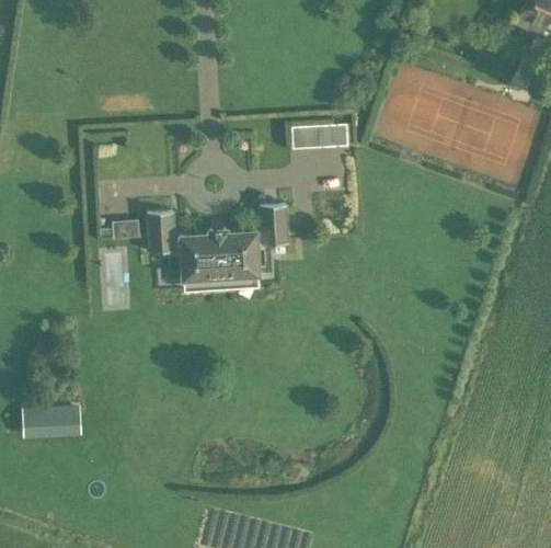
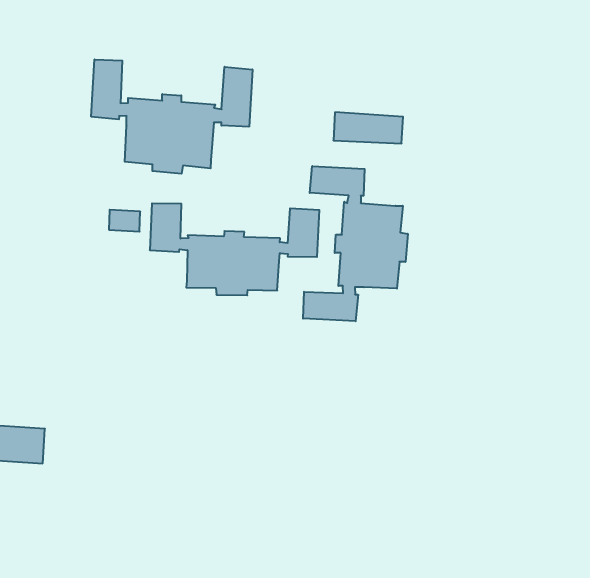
building: none -> [91,59,252,174]
building: none -> [303,166,408,321]

